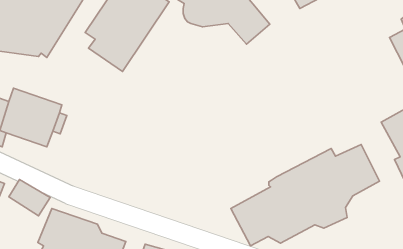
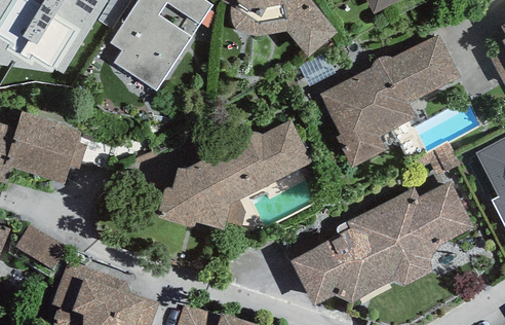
building: none -> [320,35,461,168]
building: none -> [157,120,312,229]

